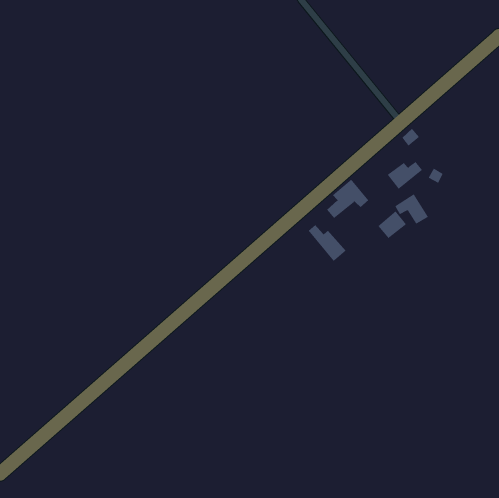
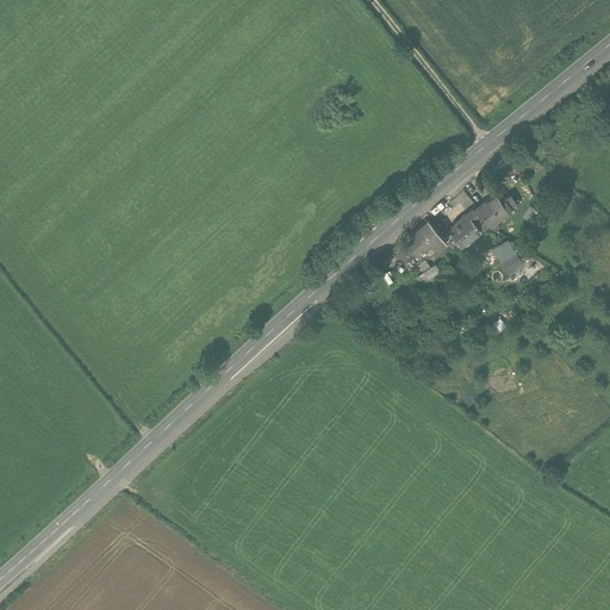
building: [377,210,407,239] -> [449,213,485,248]
building: [308,224,347,261] -> none

